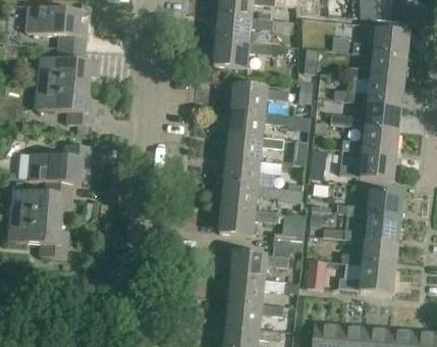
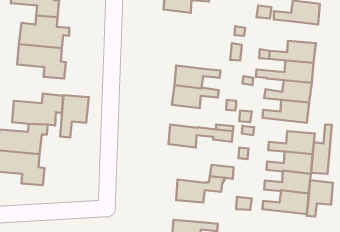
building: [214,39,271,67] -> none
building: [349,53,407,81] -> none
building: [231,84,289,112] -> none
building: none -> [60,95,89,137]
building: [224,157,281,186] -> none
building: none -> [311,125,332,174]
building: [219,206,277,235] -> none
building: none -> [307,180,333,217]
building: [228,276,286,303] -> none

